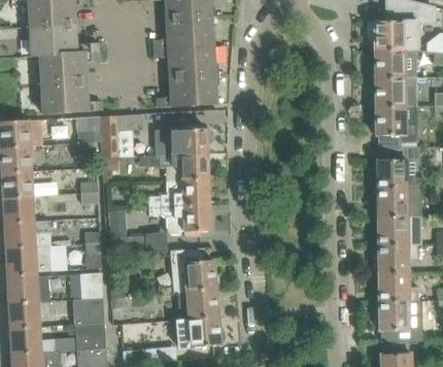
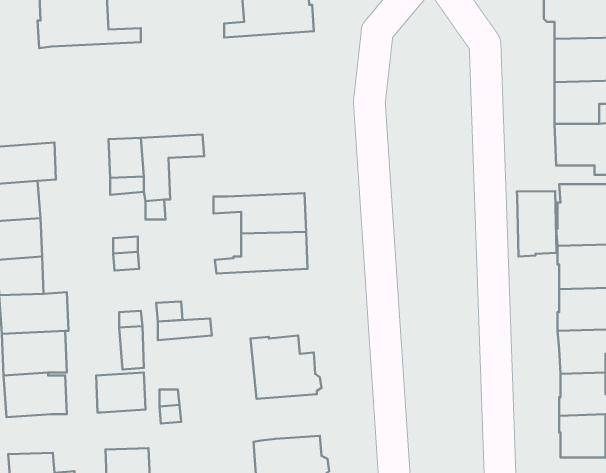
building: [155,45,217,107] -> none
building: [39,53,102,113] -> none
building: [157,125,213,156] -> none
building: none -> [517,191,557,256]
building: [149,204,211,236] -> none
building: [176,288,218,319] -> none
building: [72,298,104,325] -> none
building: [9,301,40,328] -> none

